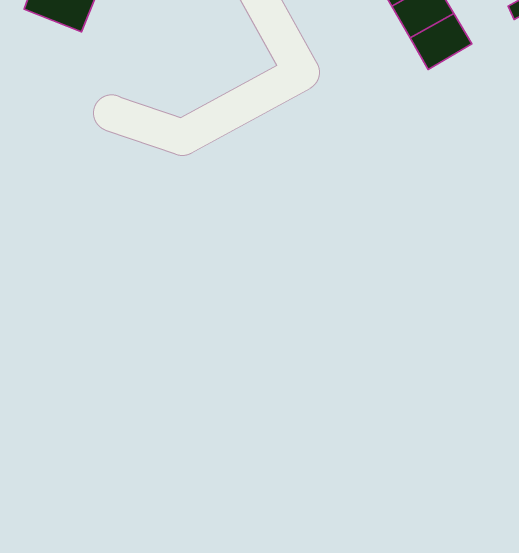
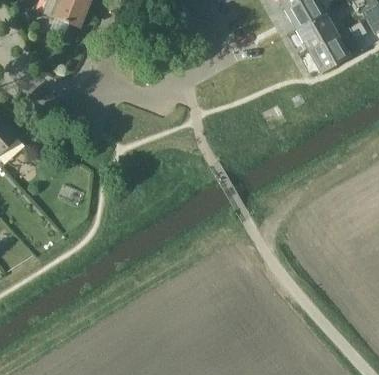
building: none -> [309,29,360,74]

